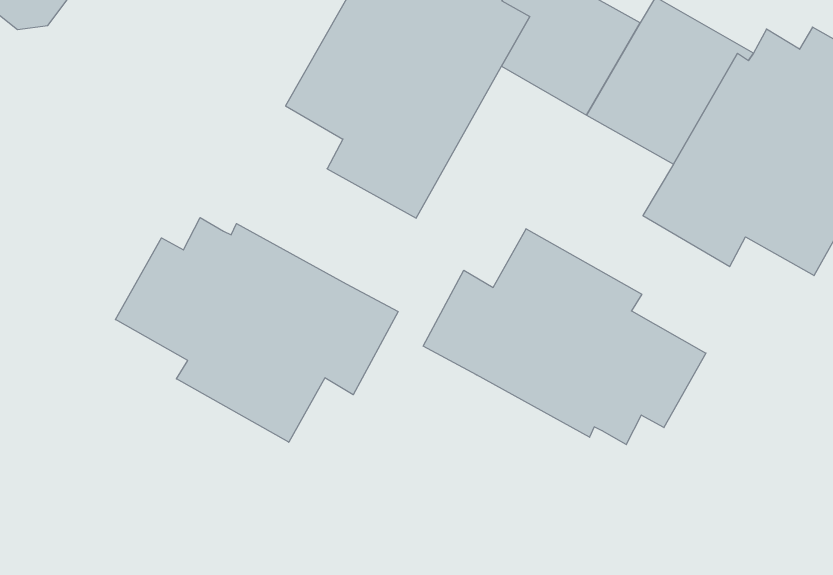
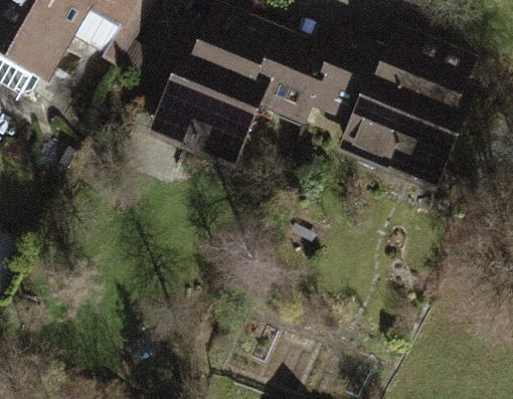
building: [115,218,398,442] -> none
building: [423,229,706,445] -> none

